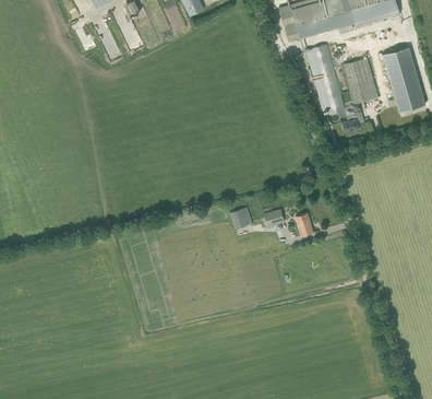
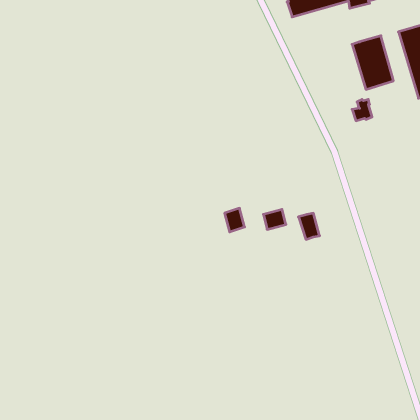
building: [311,45,345,116] -> none

